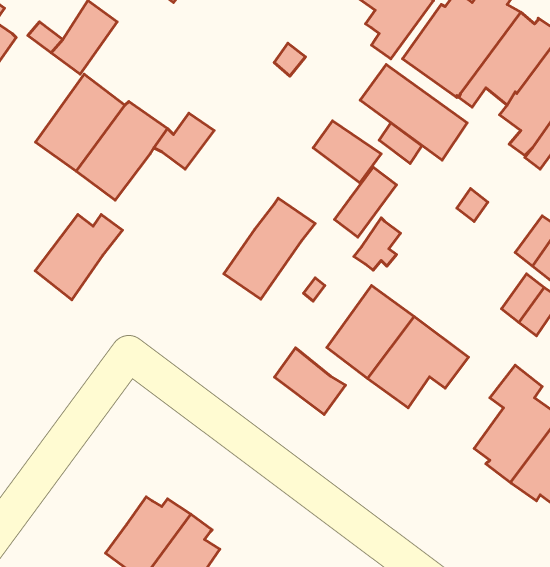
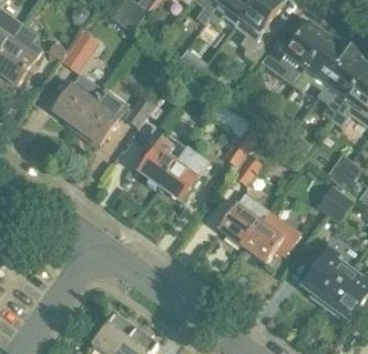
building: [360,65,467,160] -> none
building: [35,215,122,300] -> [139,136,188,185]
building: [274,348,345,415] -> none

